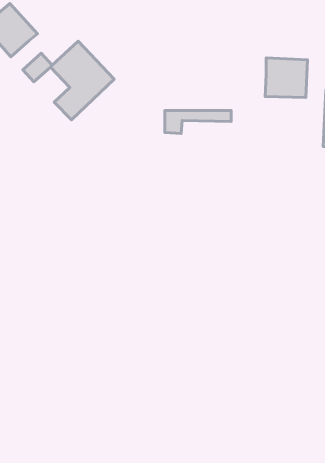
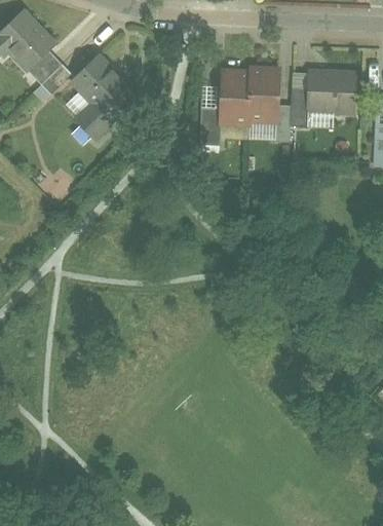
building: none -> [25,49,59,82]
building: none -> [218,64,280,125]
building: none -> [290,87,309,126]

